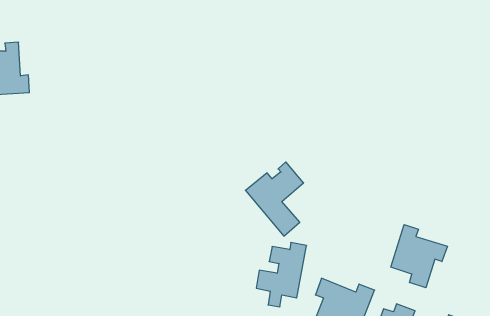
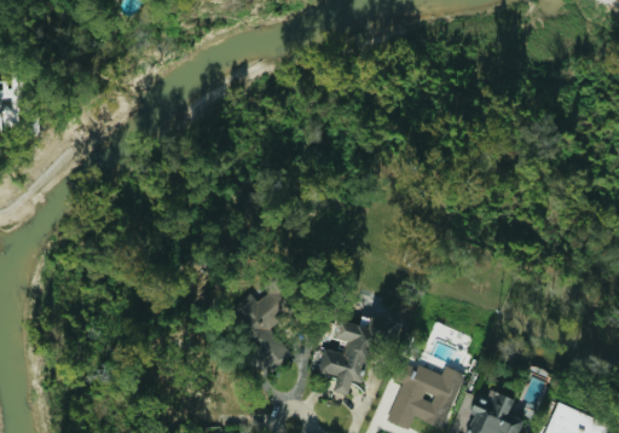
building: [245,162,304,236] -> [224,281,295,371]
building: [391,225,447,288] -> none

